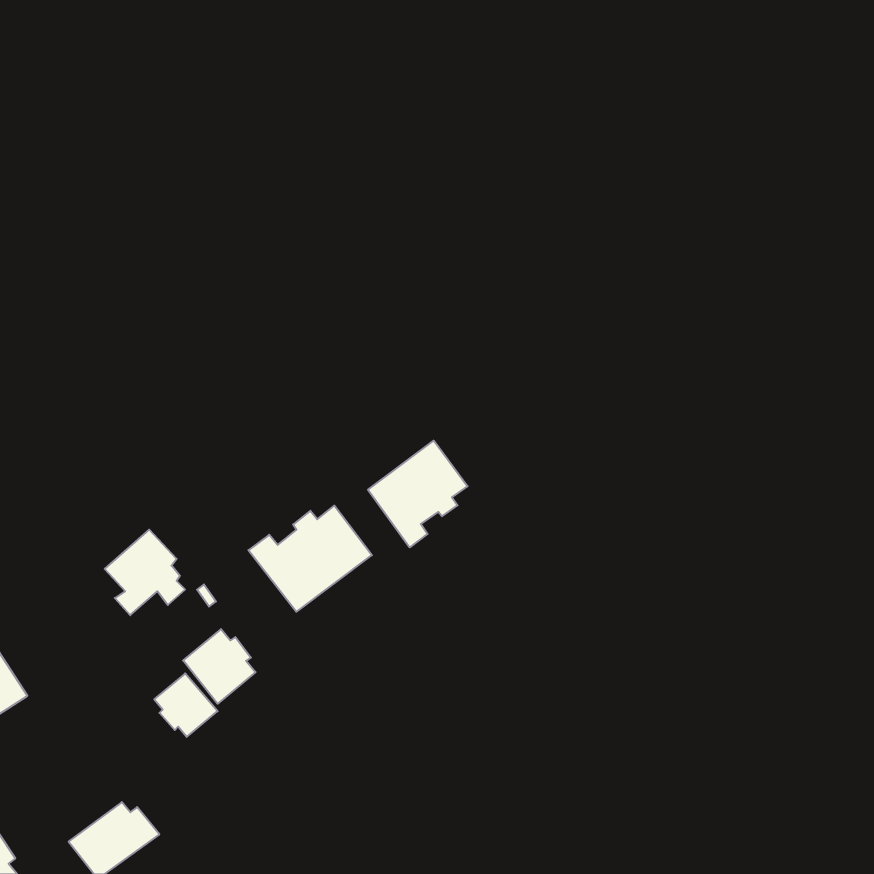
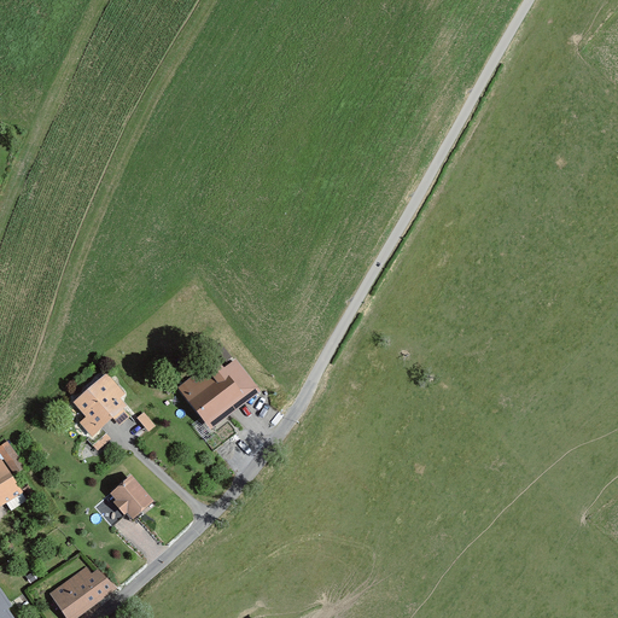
building: [368,441,468,547] -> none
building: [183,629,256,704] -> none

